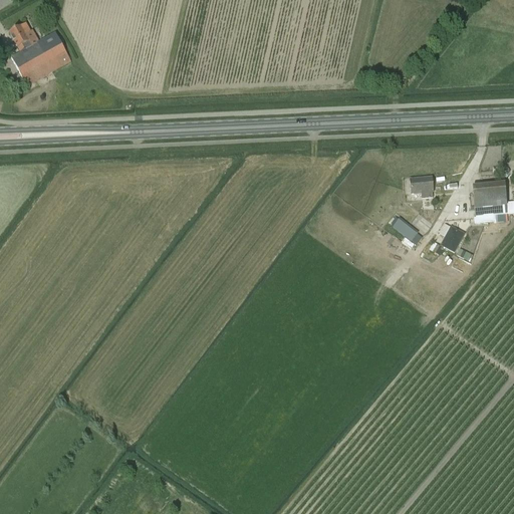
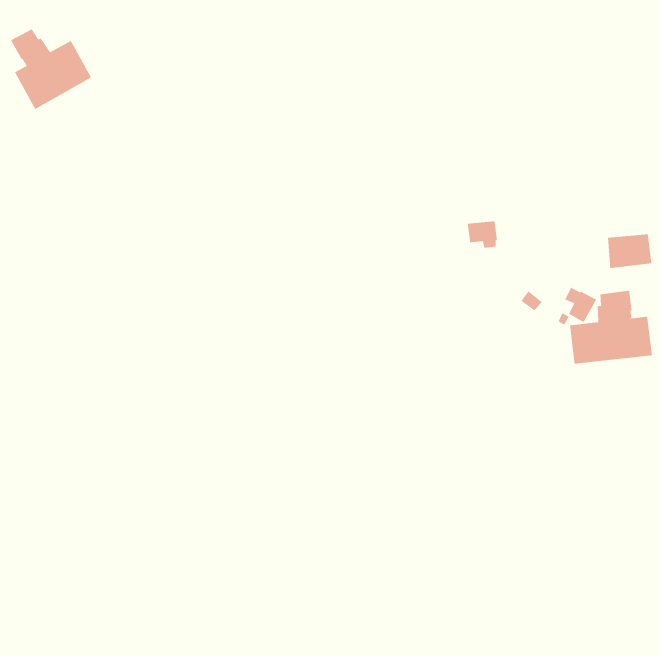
building: [409,176,433,197] -> [467,221,498,248]
building: none -> [569,290,652,364]

